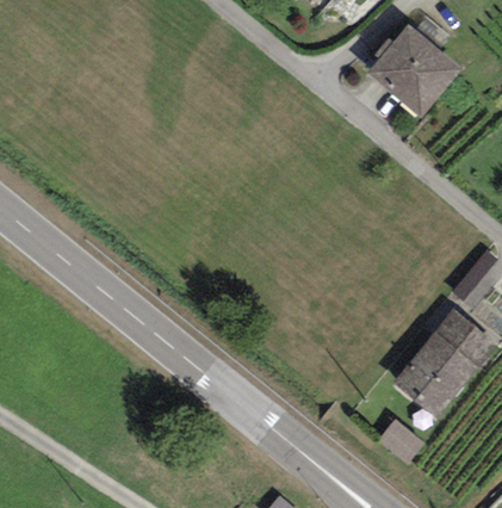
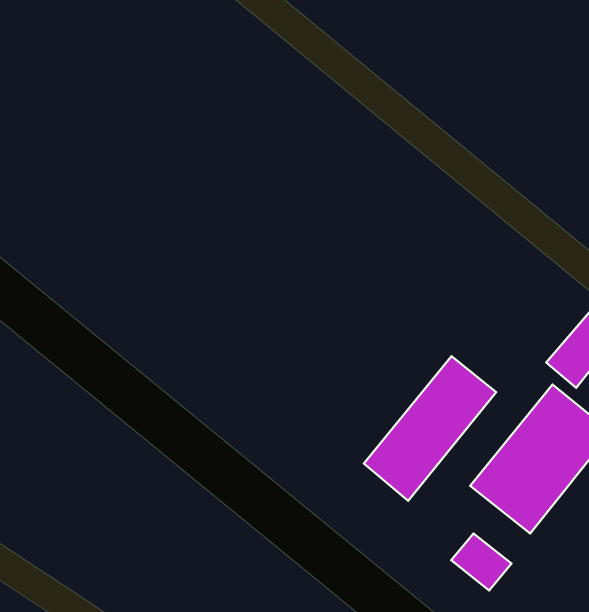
building: [367,23,461,117] -> none
building: none -> [364,356,496,501]

